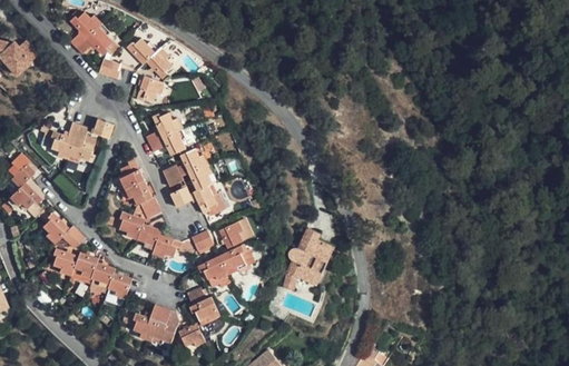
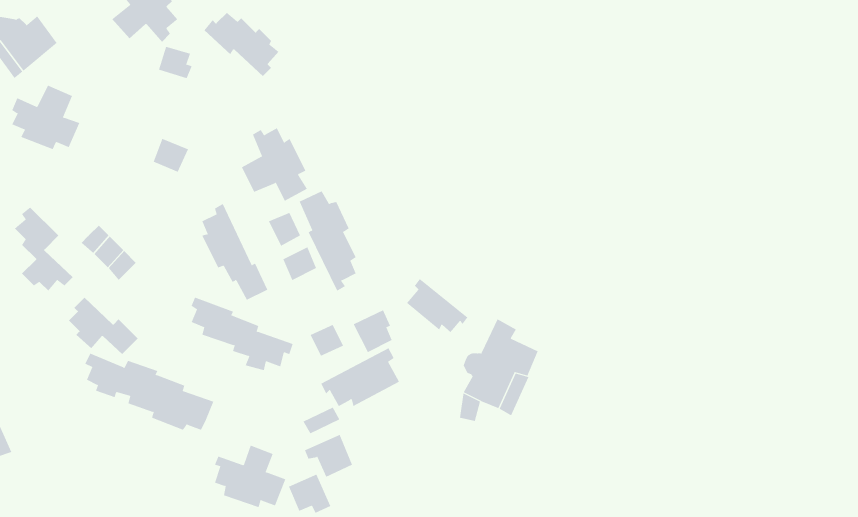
building: [135,76,163,102] -> none
building: [53,120,96,160] -> [12,85,80,150]
building: none -> [406,278,468,333]

